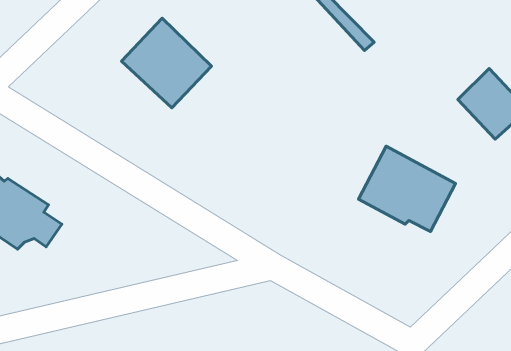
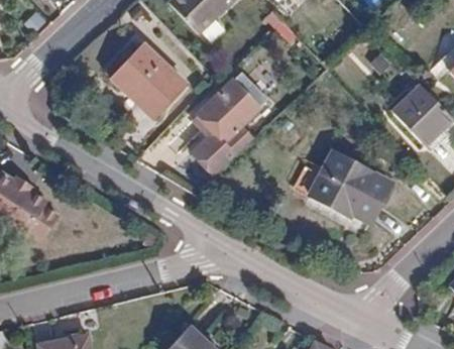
building: none -> [193,72,266,173]

